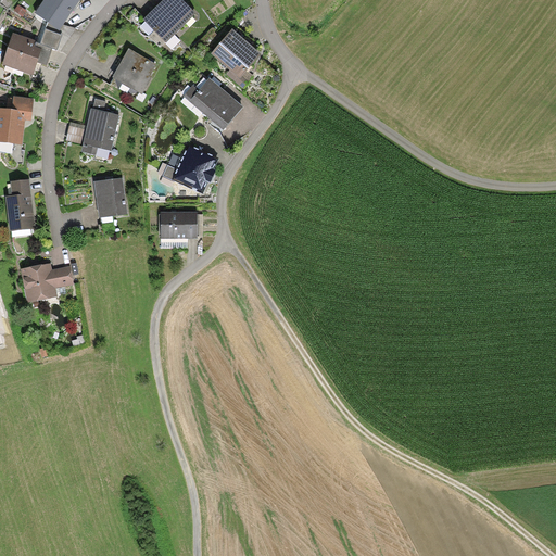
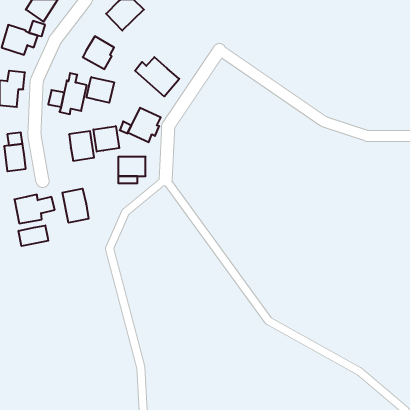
building: [212,30,260,87] -> none
building: none -> [86,77,114,103]
building: none -> [93,126,119,152]
building: none -> [62,189,89,223]
building: none -> [19,225,48,246]

